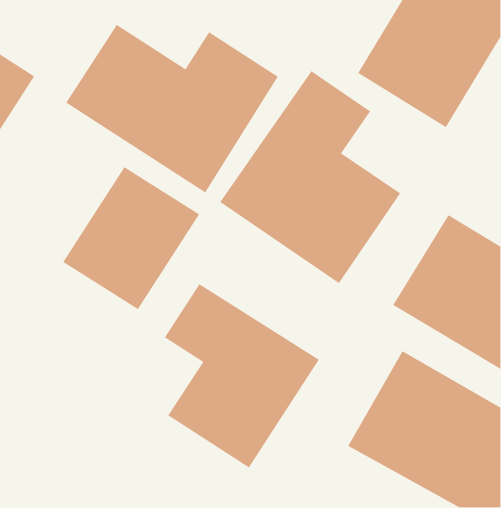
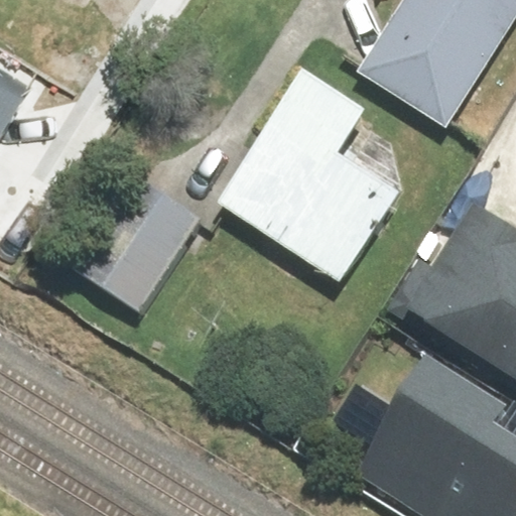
building: [65,24,279,194] -> none
building: [164,283,320,469] -> none

